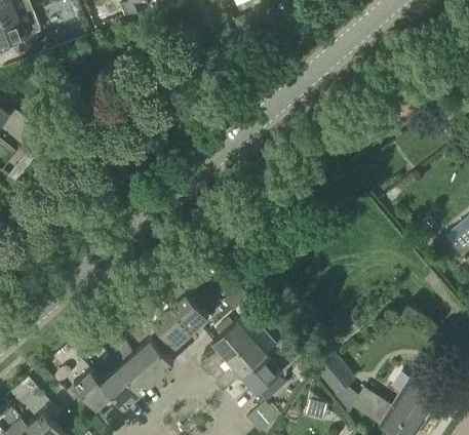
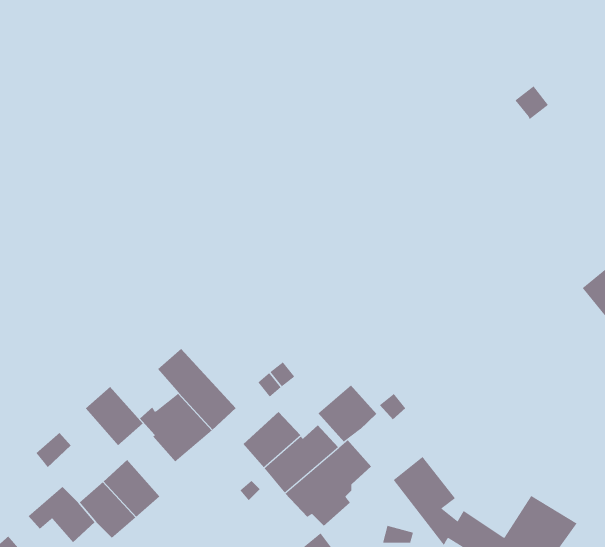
building: none -> [318,385,377,443]
building: [132,337,172,378] -> [85,386,143,446]

